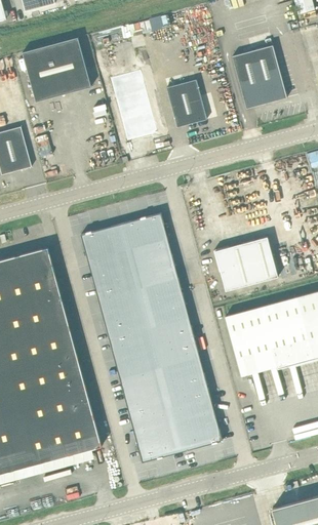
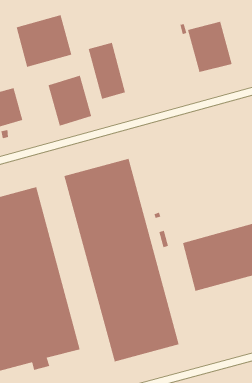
building: [166,80,207,128] -> none
building: none -> [48,75,92,126]
building: [214,237,277,291] -> none

